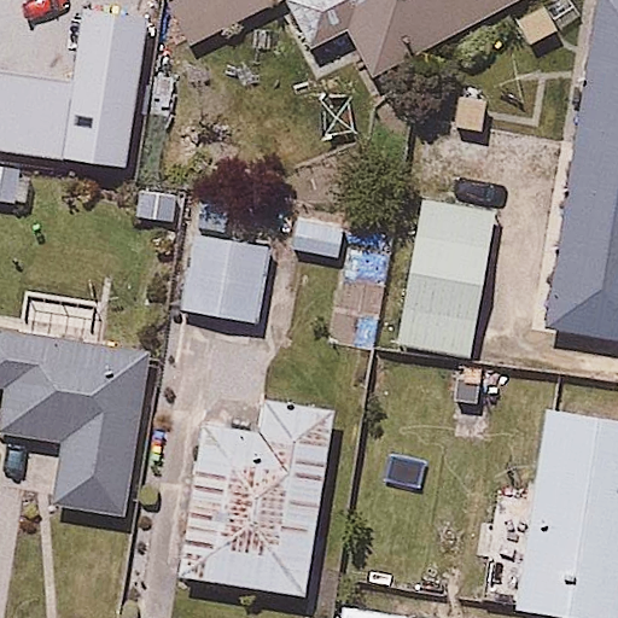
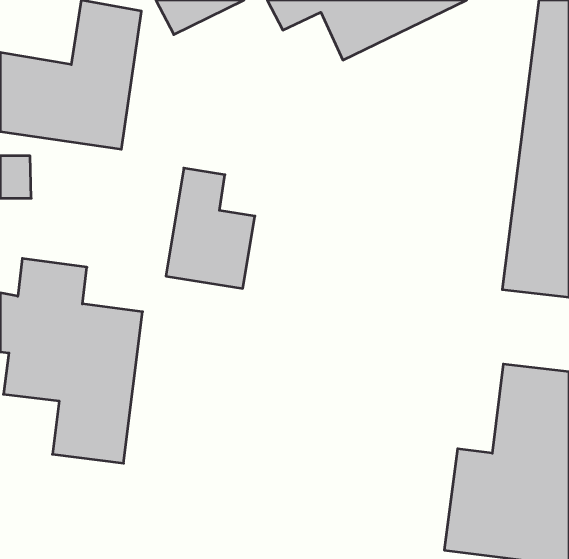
building: [391,192,492,358] -> none
building: [181,395,342,596] -> none

